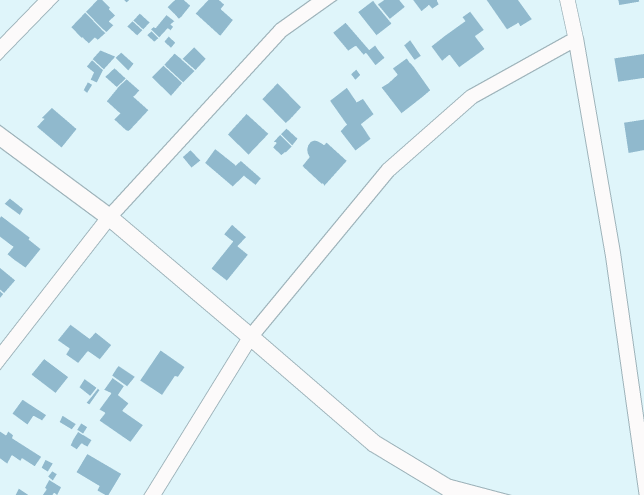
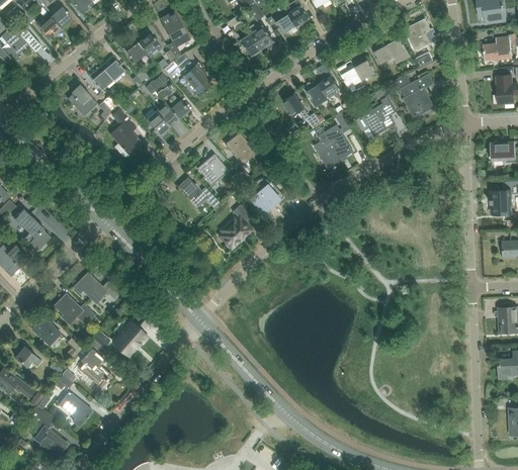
building: [329,87,375,152] -> none
building: [36,107,77,149] -> [67,85,97,116]
building: [211,224,249,282] -> [221,205,250,248]
building: none -> [74,273,120,304]

